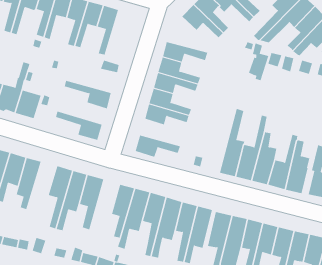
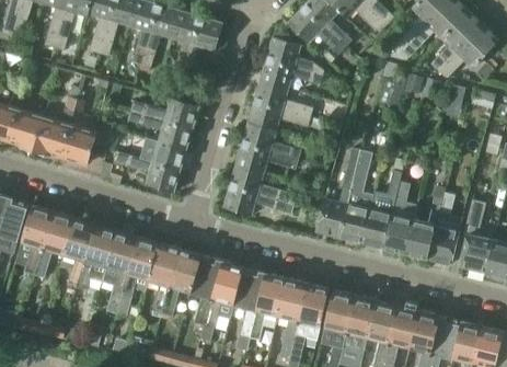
building: none -> [183,16,223,81]
building: none -> [266,36,324,74]
building: none -> [129,98,198,129]
building: none -> [117,131,186,172]
building: none -> [315,148,361,238]
building: none -> [230,164,288,202]
building: none -> [77,222,117,291]
building: none -> [162,246,203,319]

